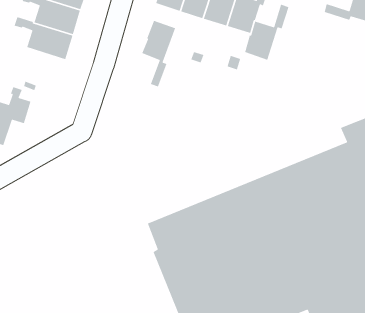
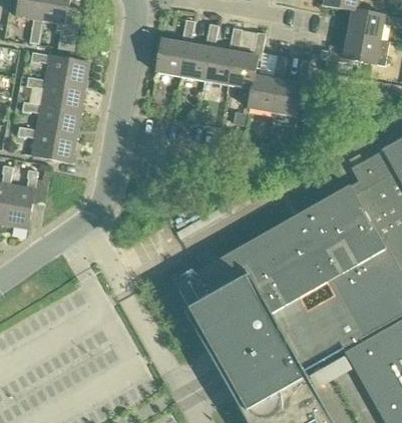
building: none -> [272,58,310,115]
building: [141,20,176,87] -> none
building: none -> [17,125,76,161]

